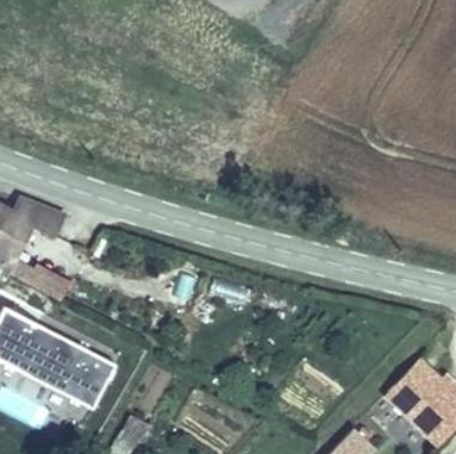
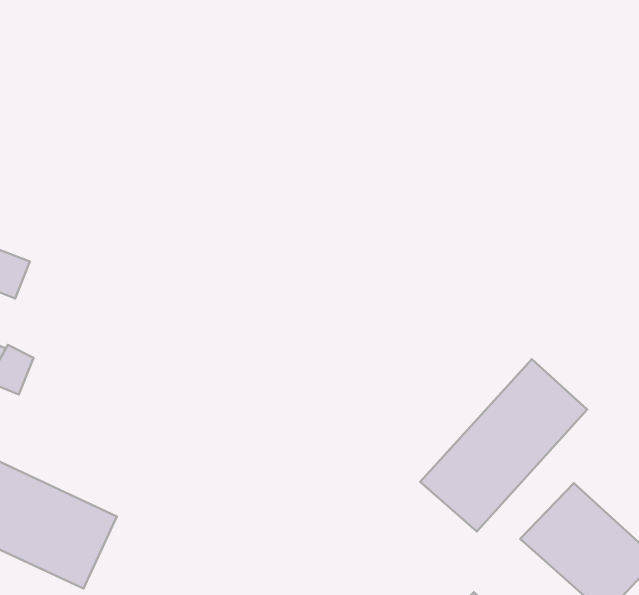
building: none -> [420,359,587,532]

